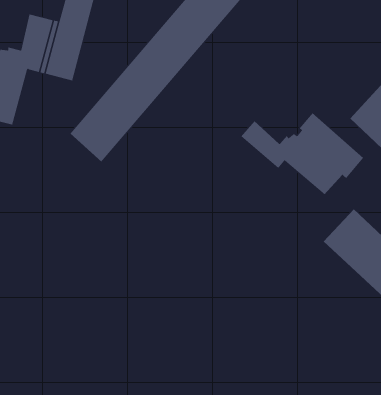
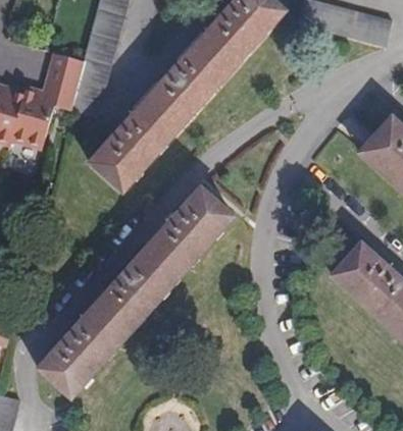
building: [240,113,364,195] -> none
building: none -> [45,175,240,385]

